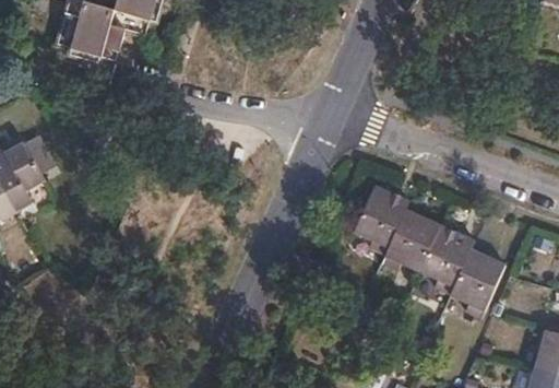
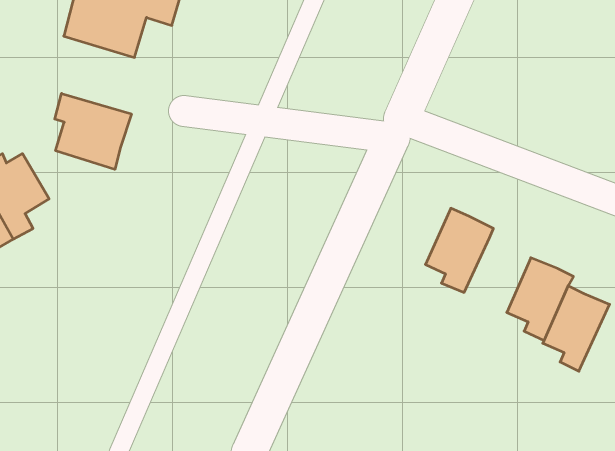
building: none -> [55,93,131,169]
building: [383,209,441,270] -> none

